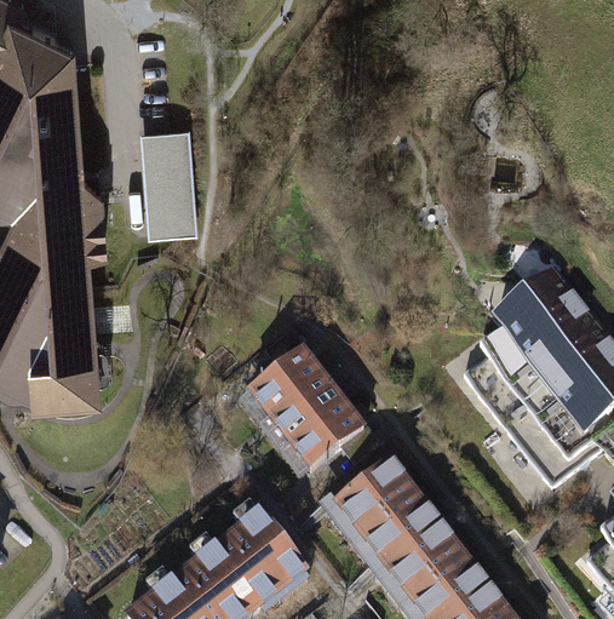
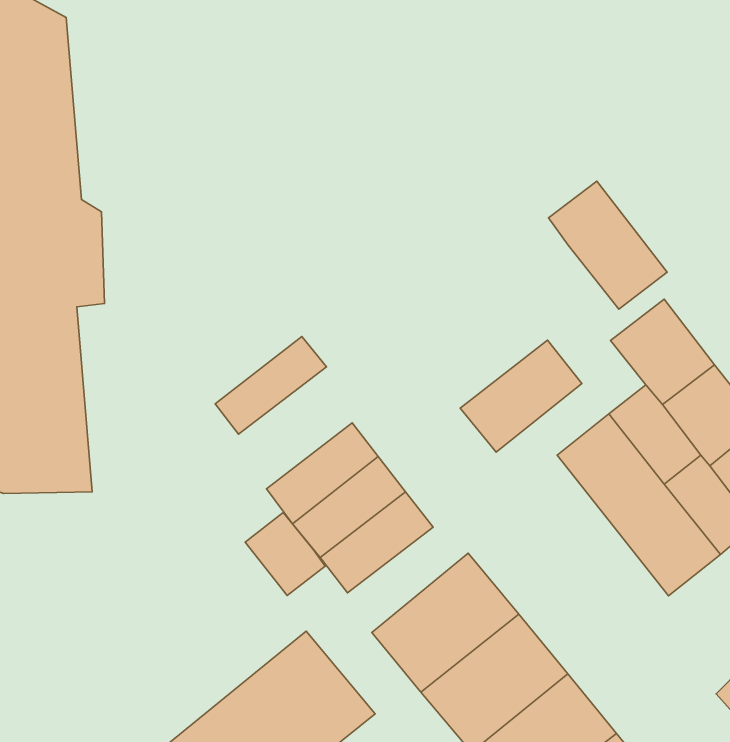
building: [136,119,190,233] -> none
building: none -> [549,181,667,309]
building: none -> [215,336,327,434]
building: none -> [460,340,582,452]
building: none -> [245,513,325,596]

